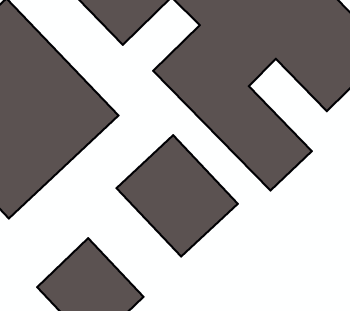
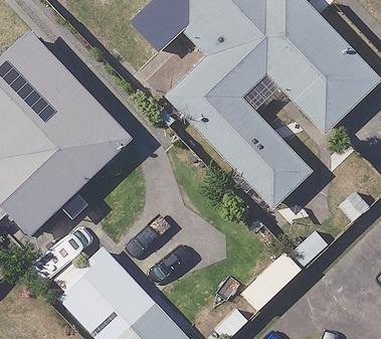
building: [117,135,238,257] -> none

